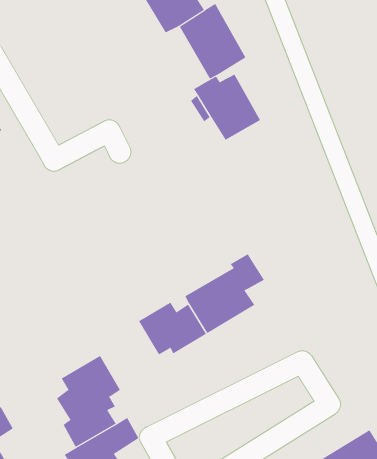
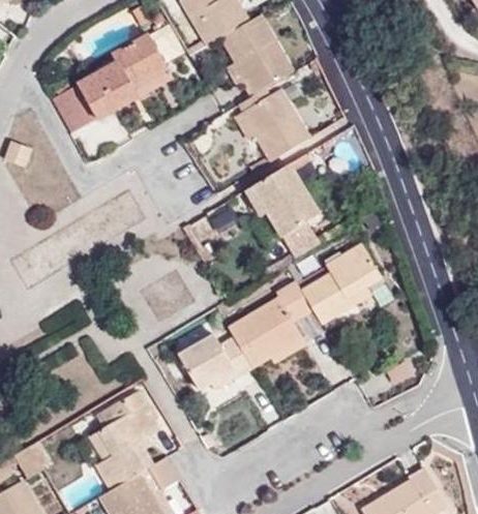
building: none -> [54,34,172,133]
building: none -> [244,164,320,260]
building: none -> [300,244,383,324]

